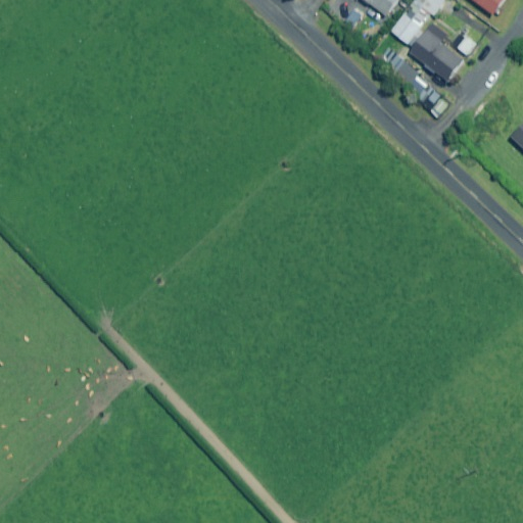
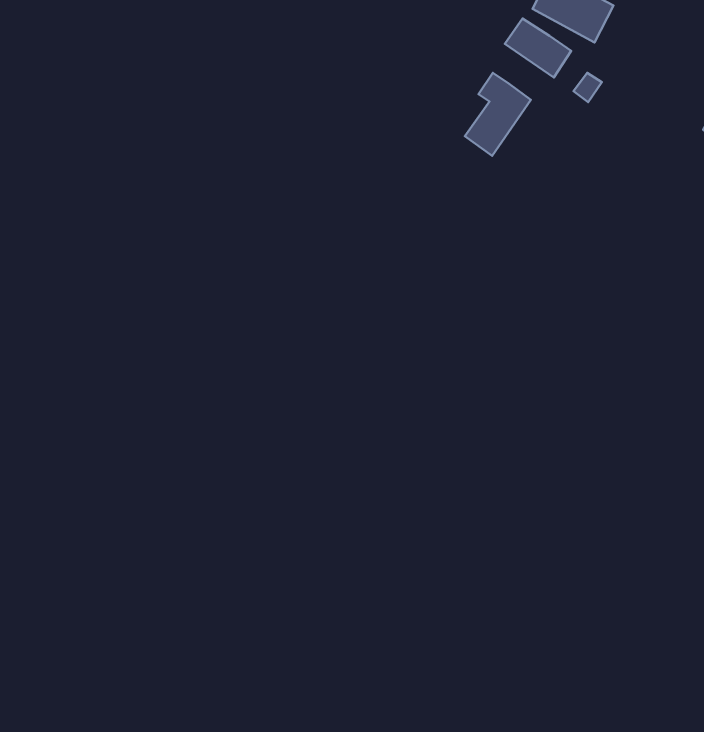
building: none -> [465,73,531,156]

